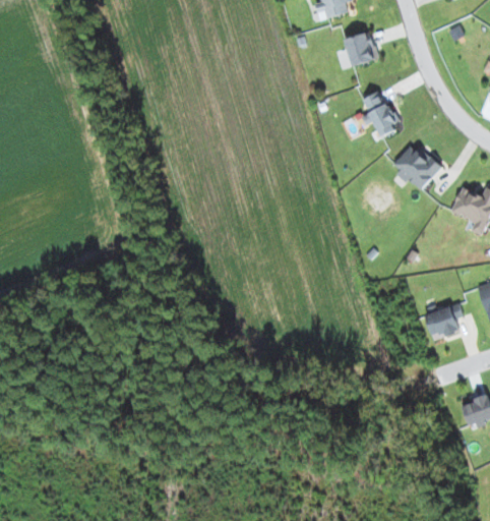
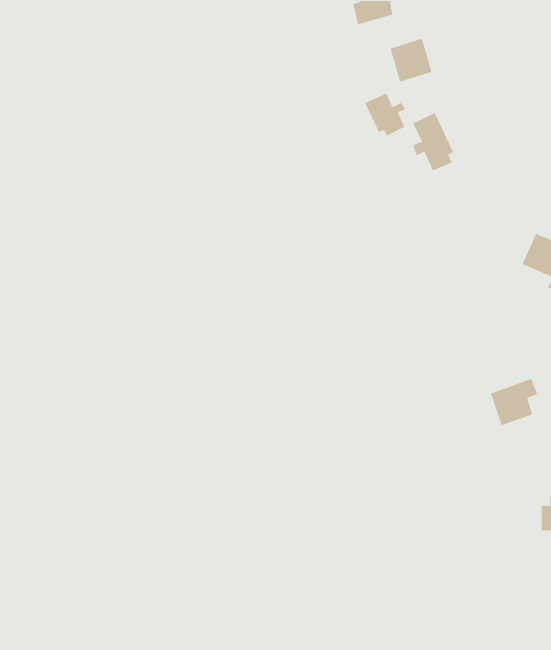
building: none -> [364,92,406,137]
building: [393,142,441,191] -> none

